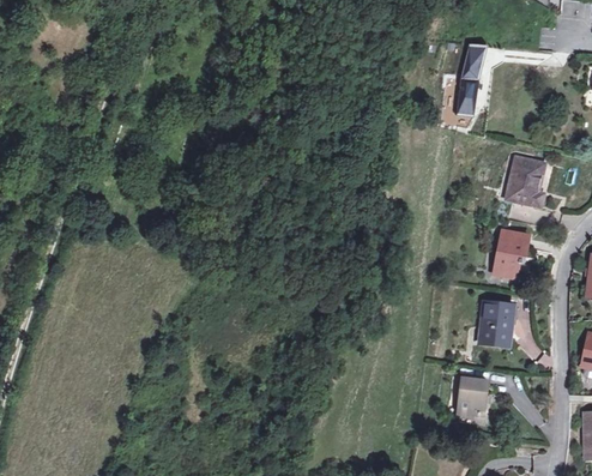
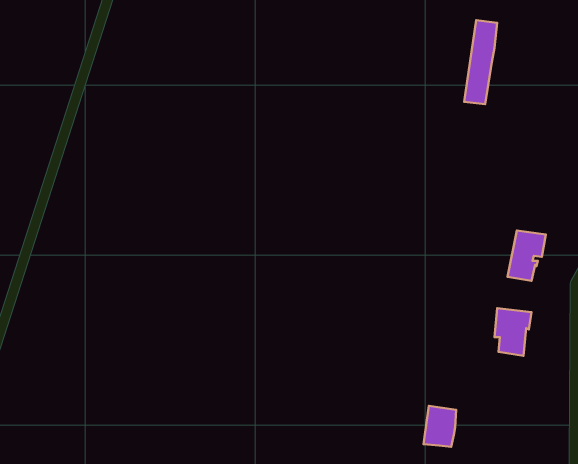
building: [508,157,545,206] -> none
building: [459,376,489,414] -> [423,406,456,447]

